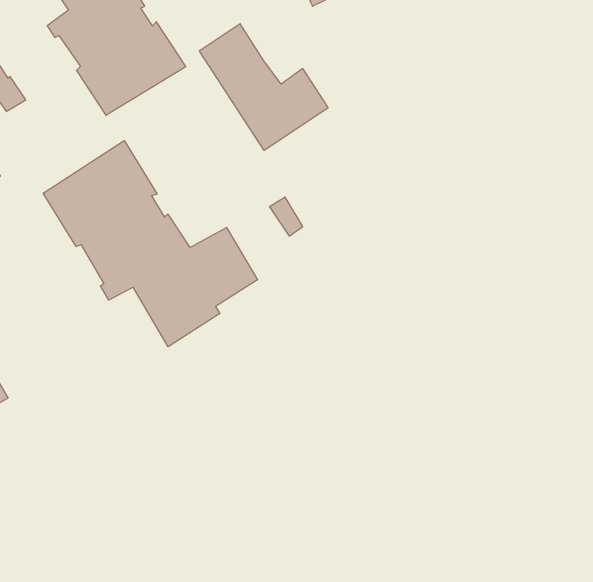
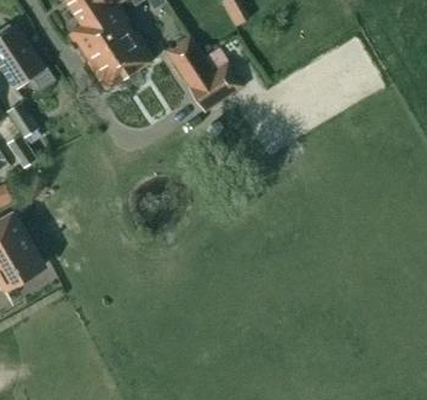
building: [43,141,257,347] -> none

